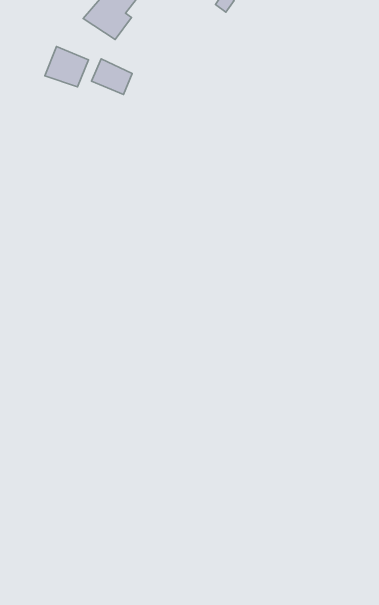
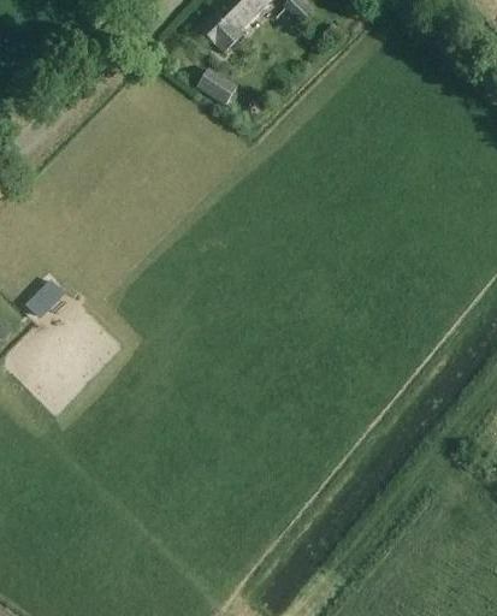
building: [45,47,89,87] -> none

